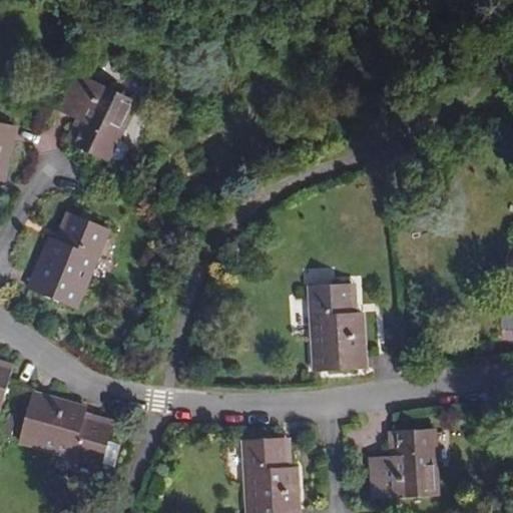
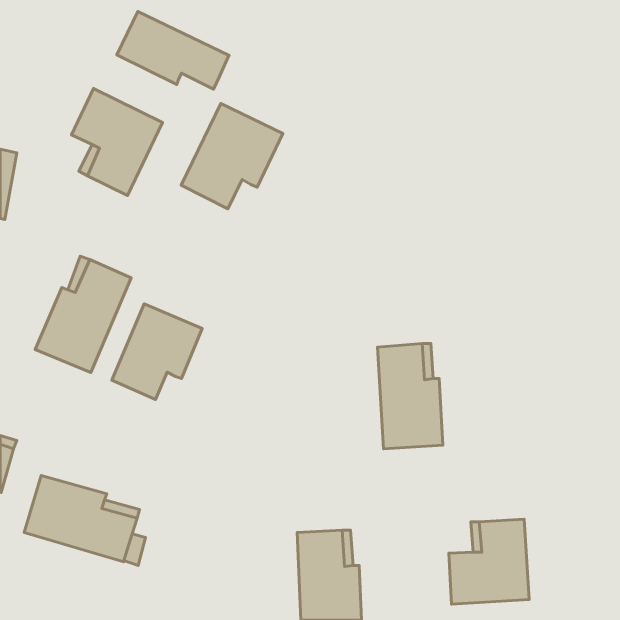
building: none -> [117,11,229,89]
building: none -> [181,103,283,209]
building: none -> [112,304,202,400]

